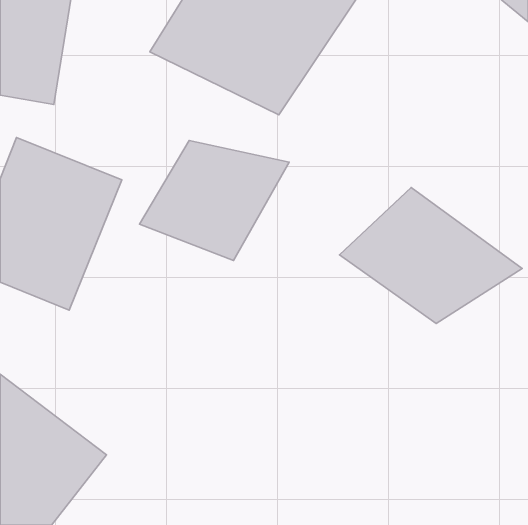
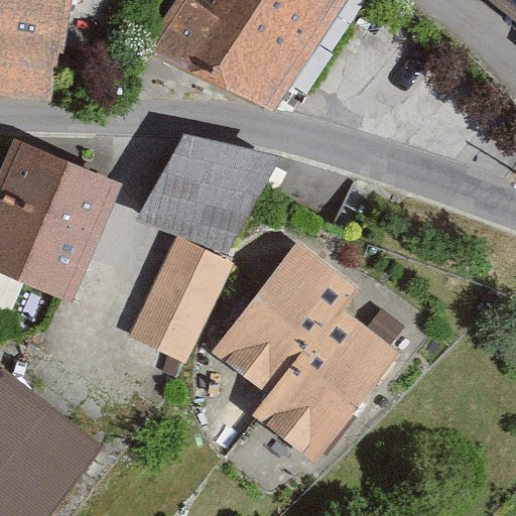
building: [339,187,522,323] -> none
building: none -> [133,239,230,359]
building: none -> [212,248,386,455]

